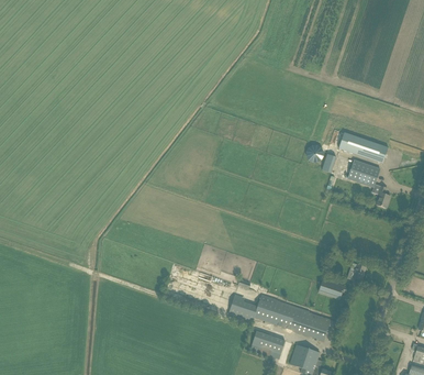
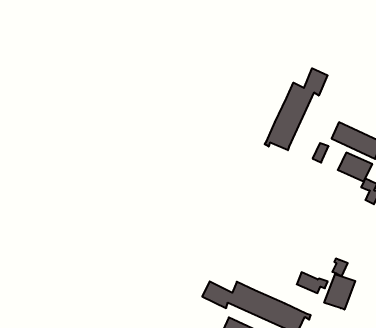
building: none -> [265,68,328,150]
building: none -> [324,274,355,310]

